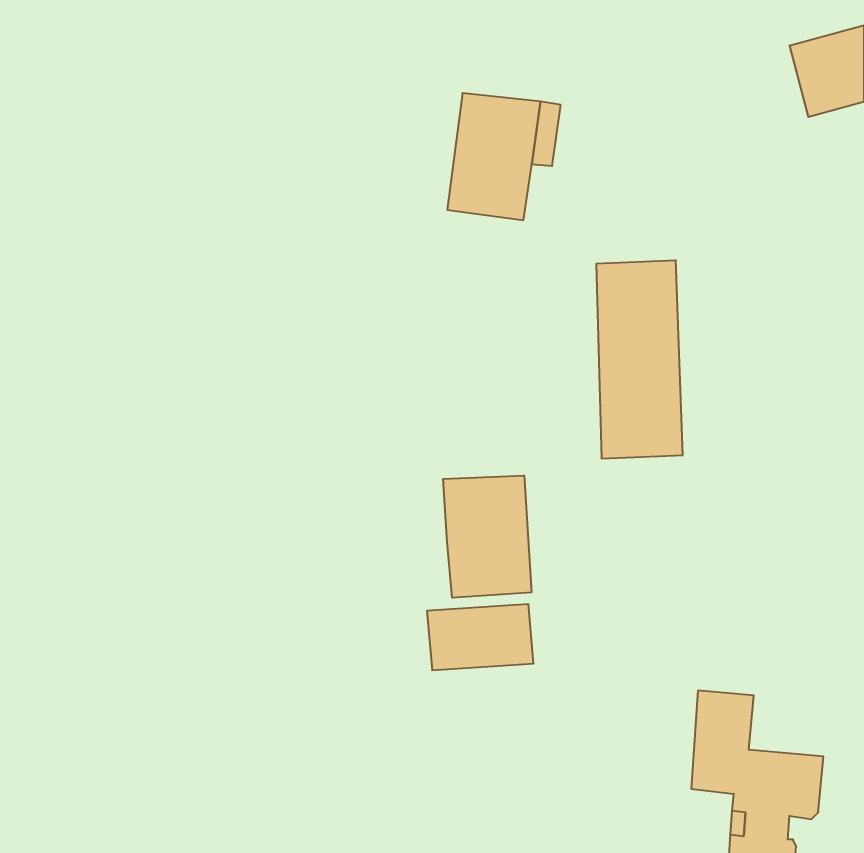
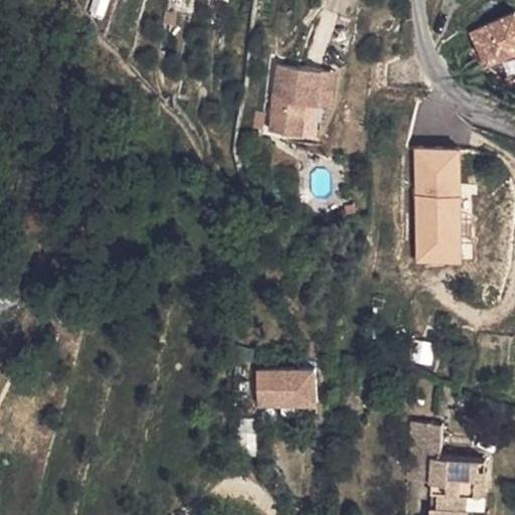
building: [596,260,683,458] -> [411,154,463,272]
building: [443,475,531,598] -> none

